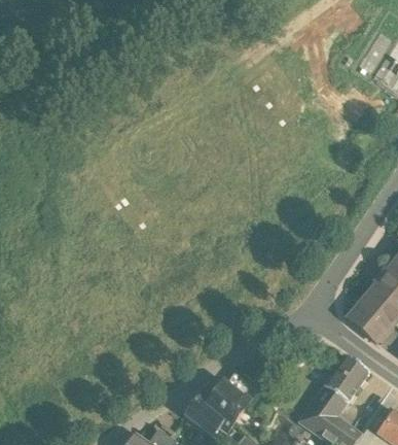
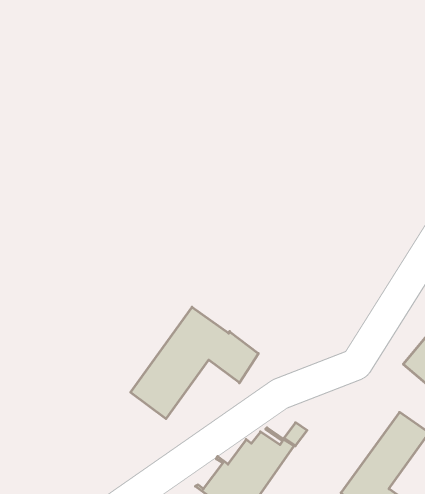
building: none -> [131,307,258,419]

